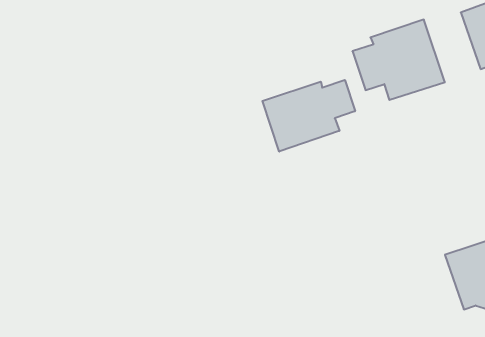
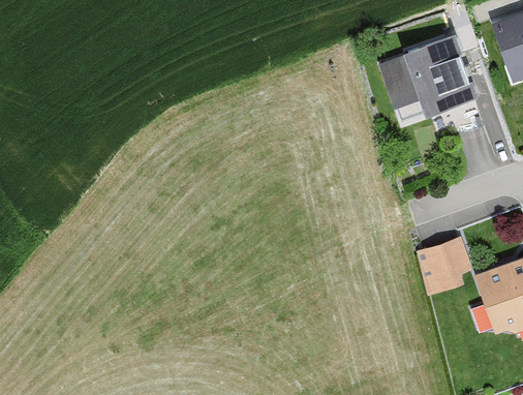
building: [262,80,355,152] -> none
building: none -> [417,238,472,296]

